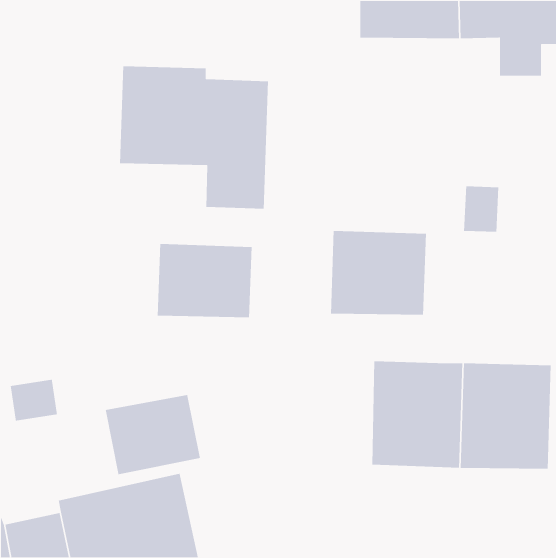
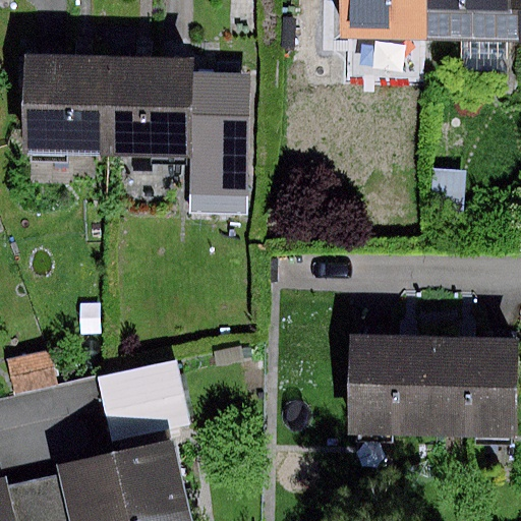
building: none -> [20,58,116,153]
building: [330,230,427,316] -> none
building: [157,243,253,318] -> none

